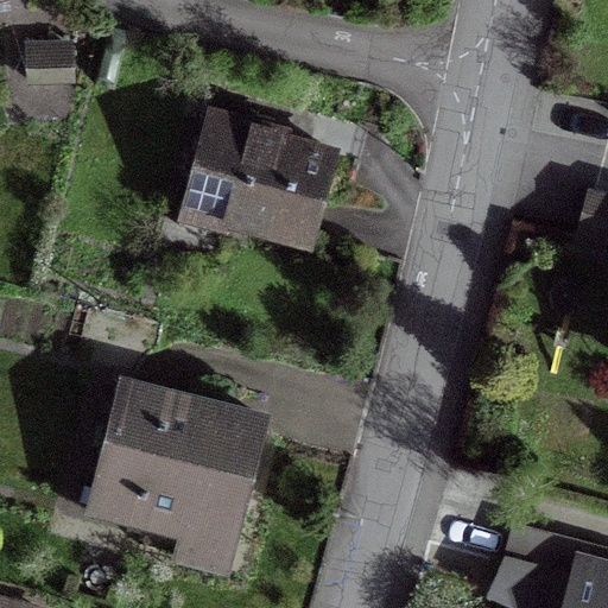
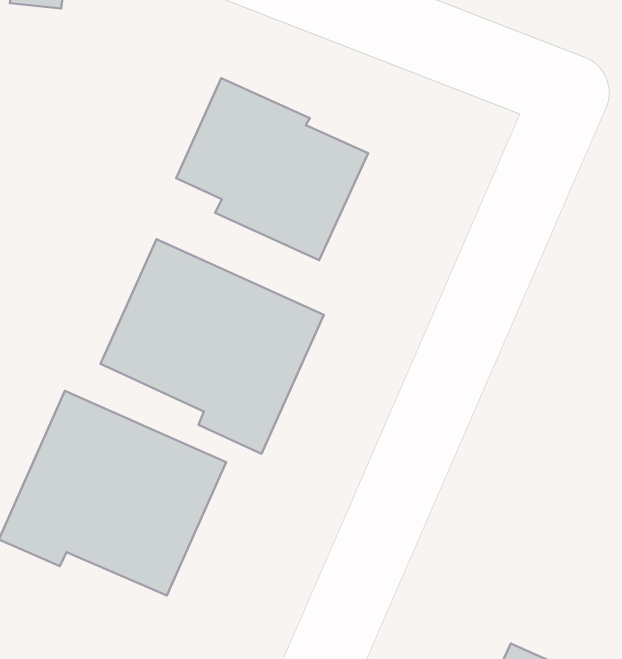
building: none -> [100,239,324,454]

